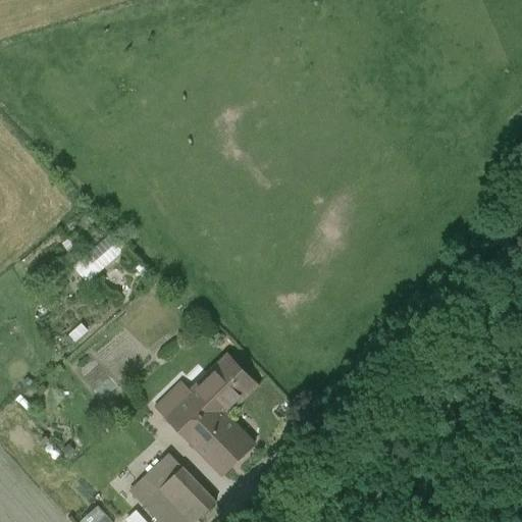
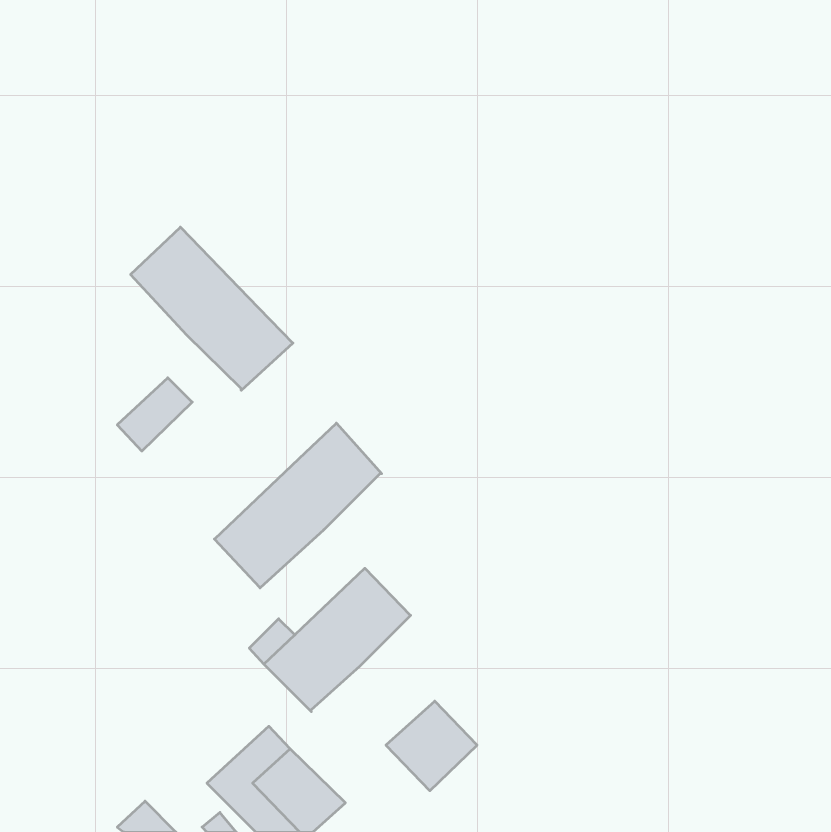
building: none -> [131,227,293,390]
building: none -> [214,423,382,588]
building: [195,417,252,473] -> [386,701,477,791]

